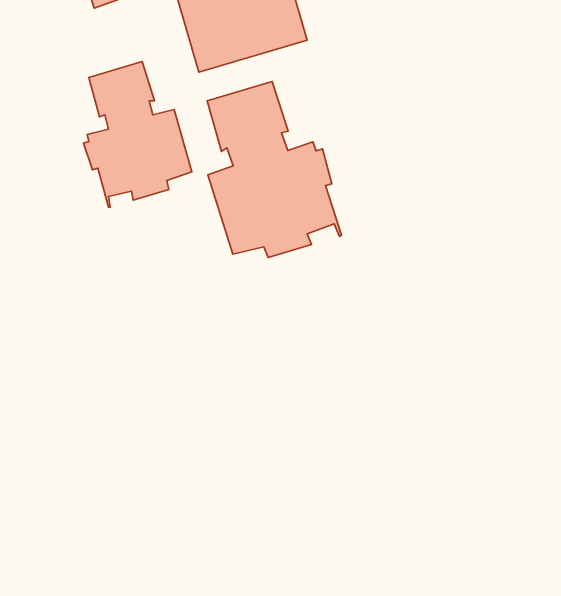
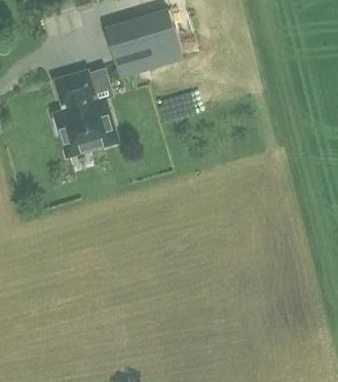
building: [207,81,341,257] -> none

